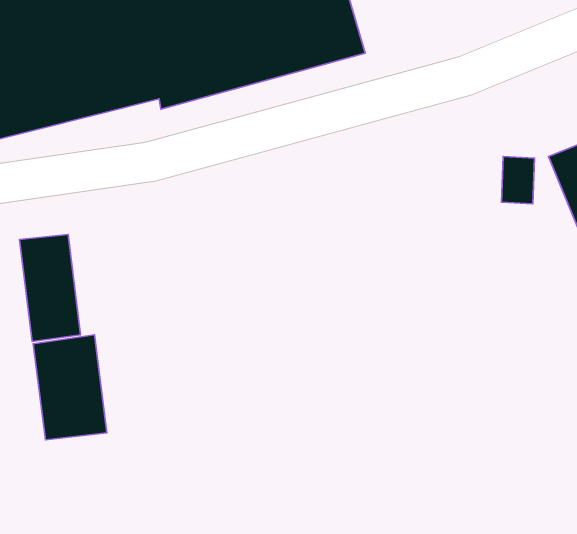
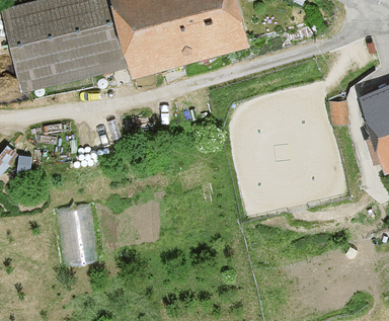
building: [19,235,81,342] -> none

